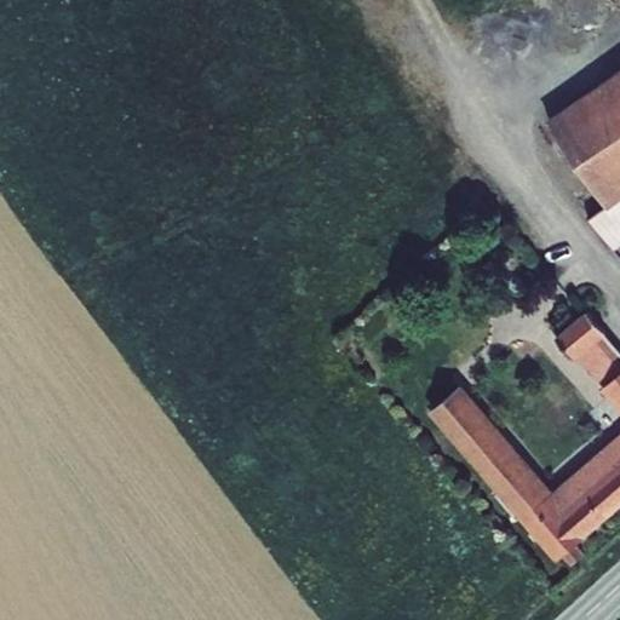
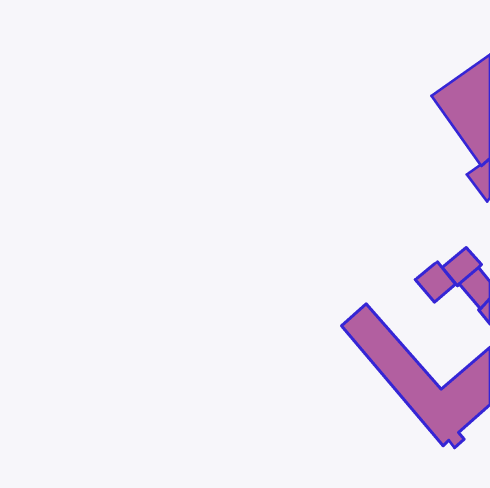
building: none -> [415,262,456,302]

